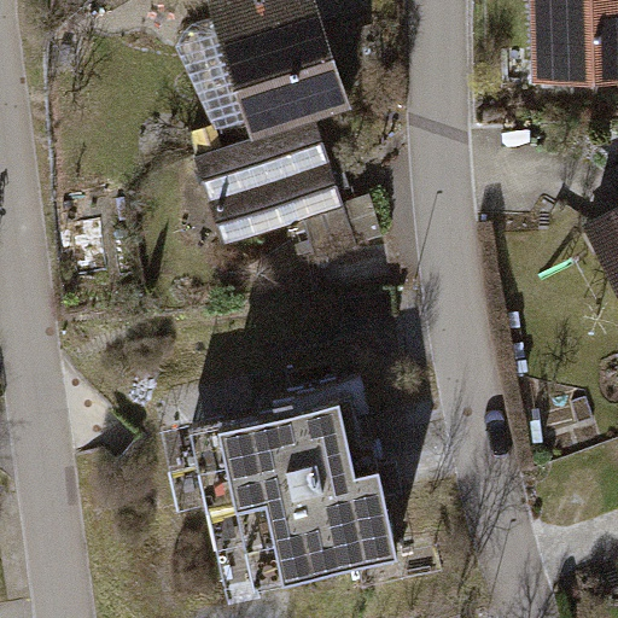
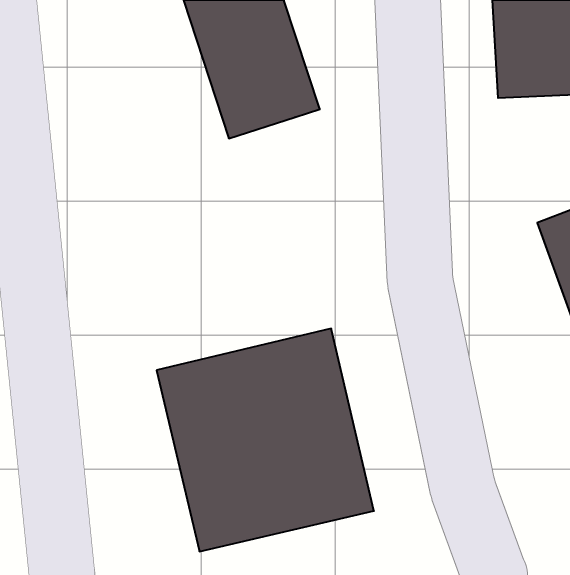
building: [194,126,354,261] -> none

